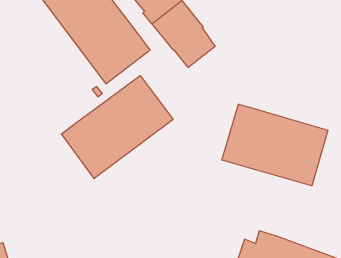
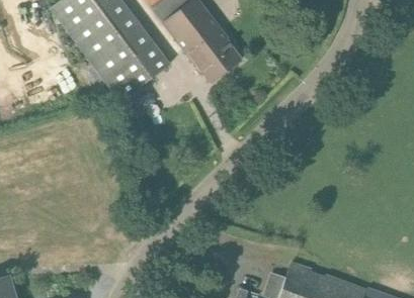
building: [62,76,173,179] -> none
building: [222,104,328,186] -> none

